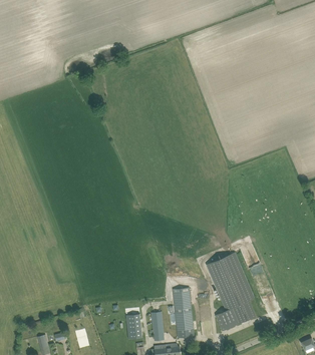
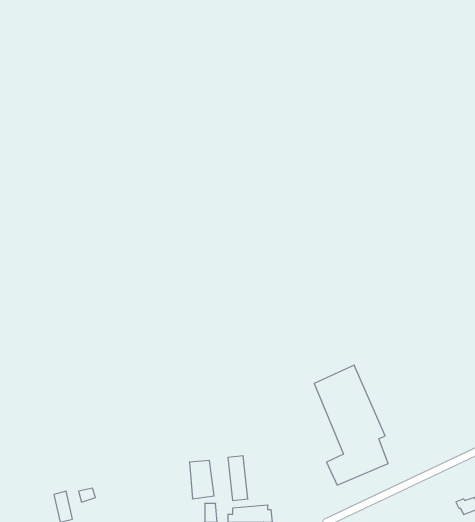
building: [174,287,194,337] -> none

